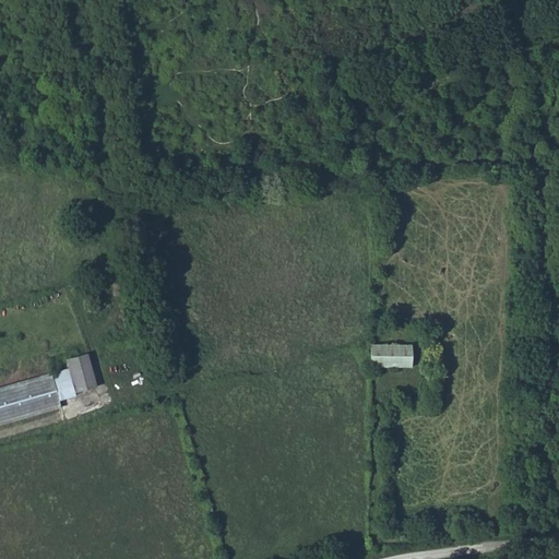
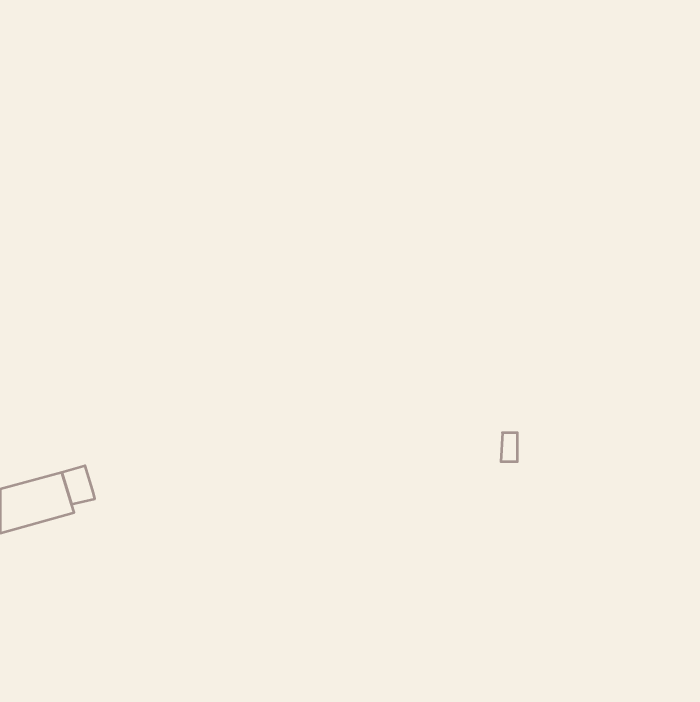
building: [369,343,401,367] -> none
building: [66,354,95,392] -> none

